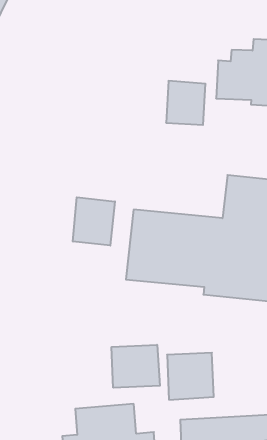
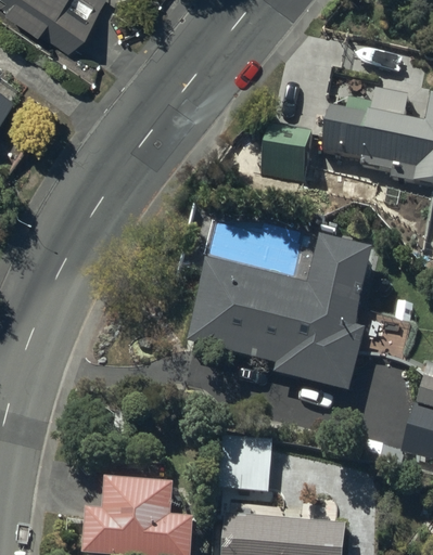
building: [73,197,115,246] -> none
building: [112,345,160,388] -> none

